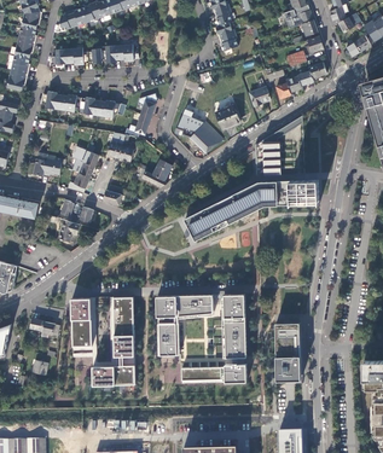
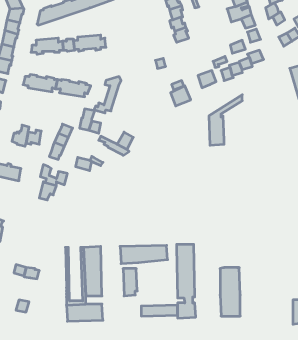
building: [174,109,224,153] -> none
building: [184,180,318,240] -> none
building: [71,297,92,345] -> none

